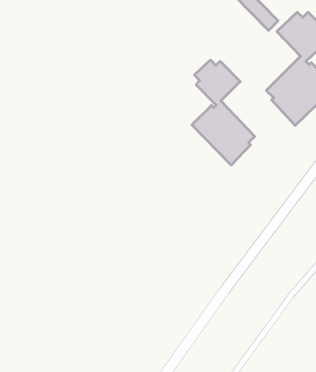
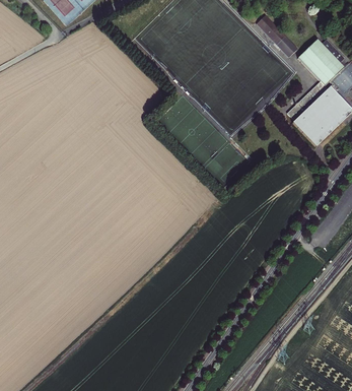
building: [192,60,255,165] -> none

